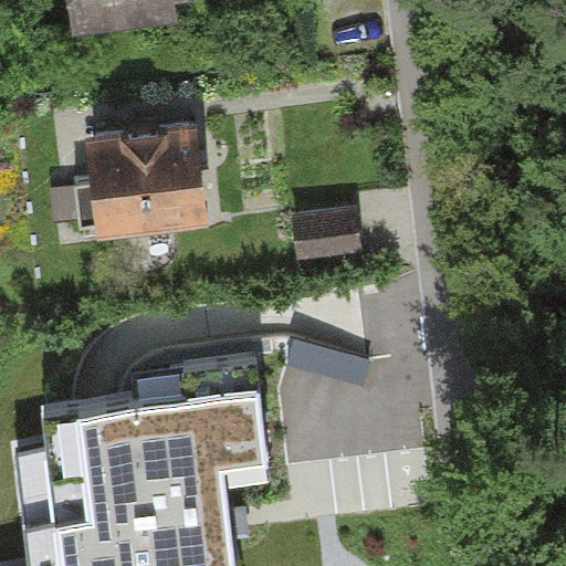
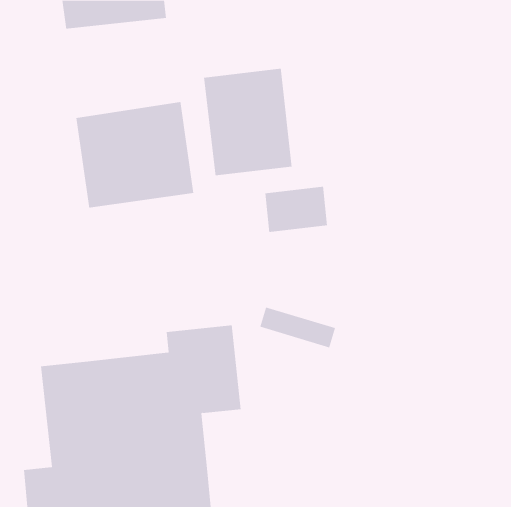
building: none -> [203,68,292,176]

